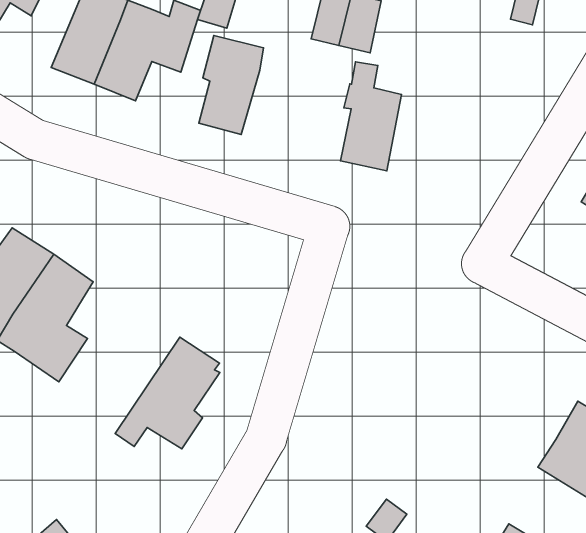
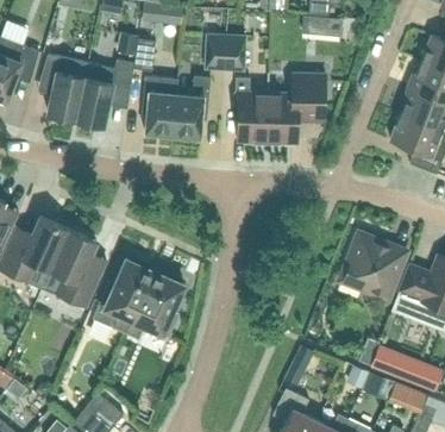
building: none -> [171,76,209,137]
building: none -> [265,74,325,142]
building: none -> [92,256,155,333]
building: none -> [338,232,406,300]

